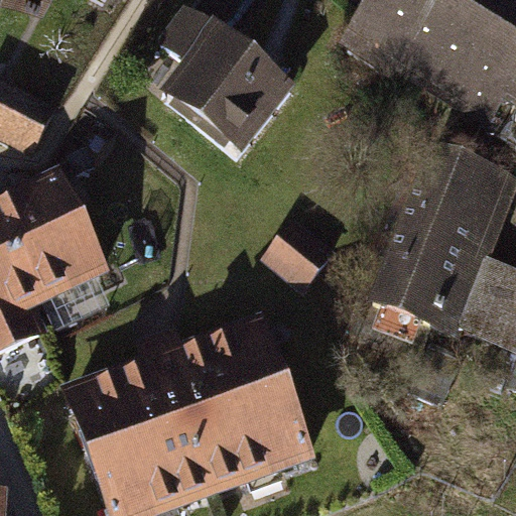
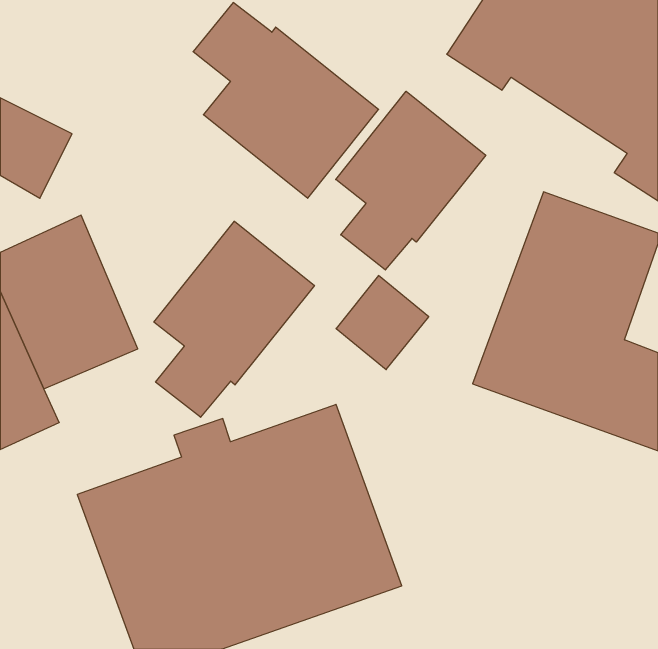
building: none -> [336,91,486,270]
building: none -> [154,221,314,417]

